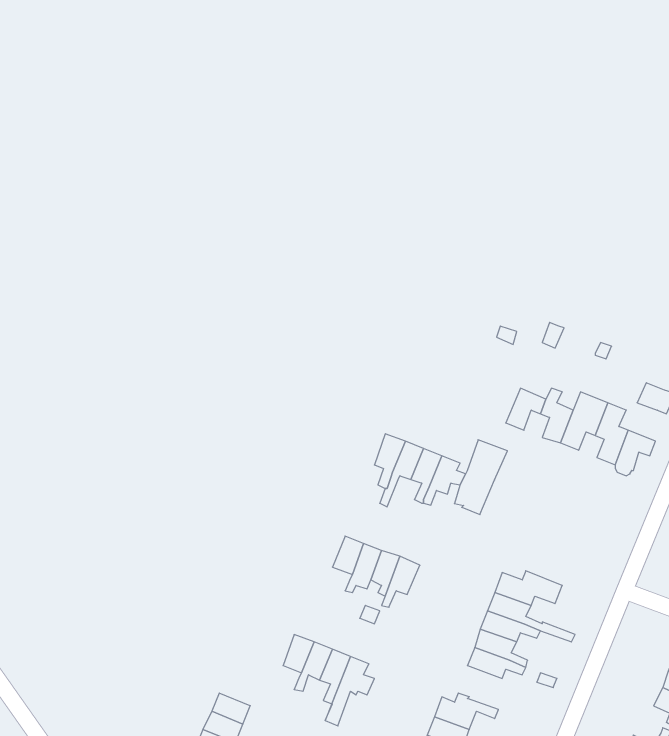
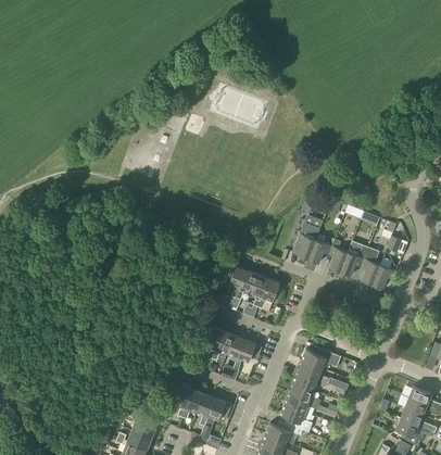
building: [454,440,507,515] -> [292,215,324,260]
building: none -> [280,404,313,432]

